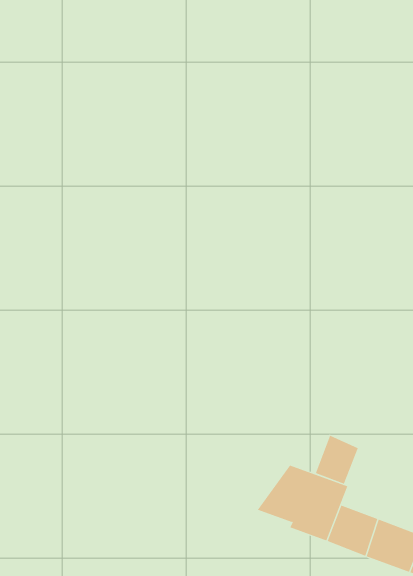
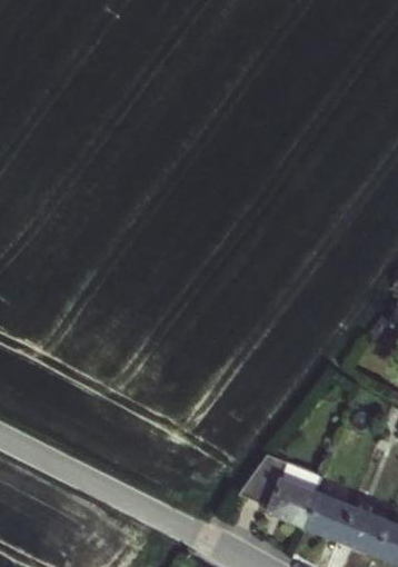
building: [315,435,359,485] -> none

